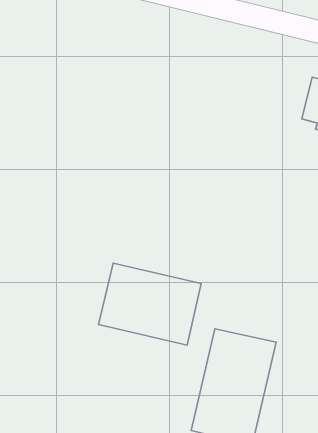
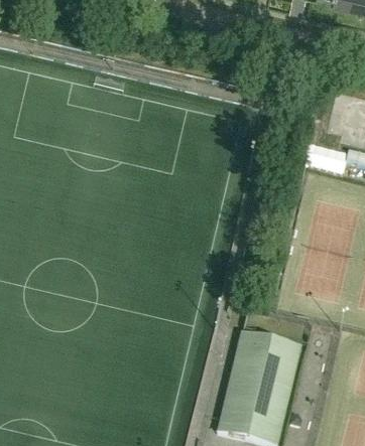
building: [98,263,201,345] -> none

